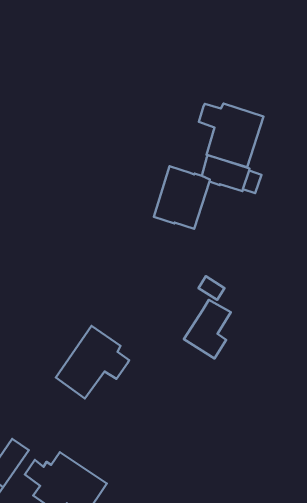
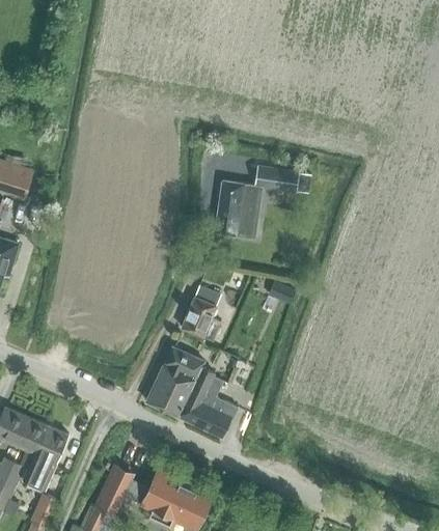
building: [199,103,263,167] -> none
building: [184,300,231,358] -> [180,286,220,341]
building: none -> [176,376,237,439]

